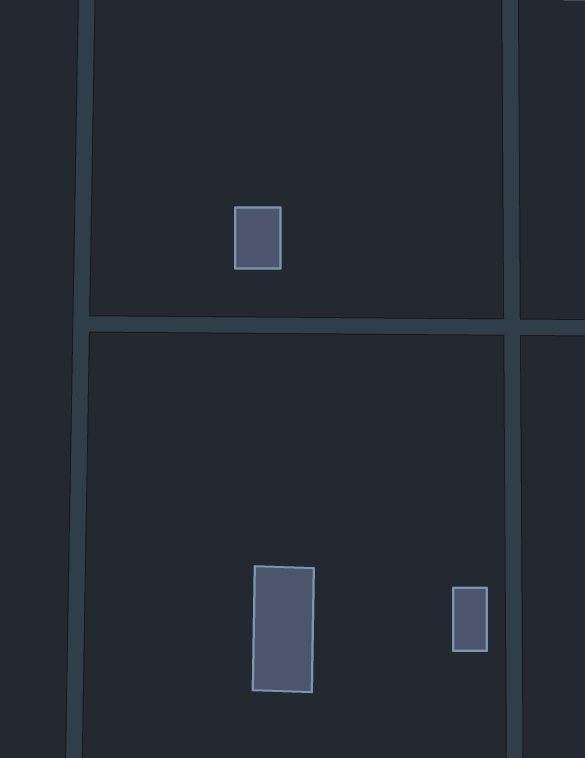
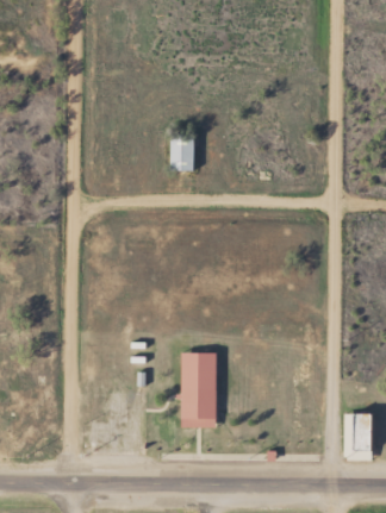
building: [453,588,487,651] -> [351,414,372,452]

